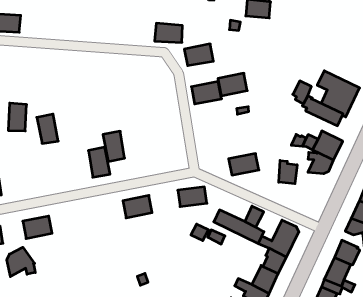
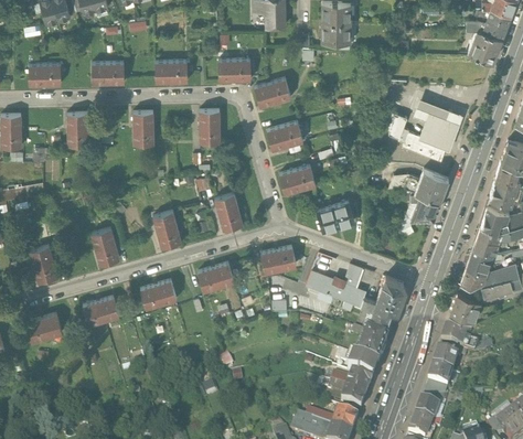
building: none -> [90,63,122,83]
building: none -> [153,61,185,82]
building: none -> [131,111,152,143]
building: none -> [199,110,220,142]
building: [218,73,247,96] -> [279,164,314,193]
building: [8,103,27,131] -> [66,114,87,146]
building: [37,114,58,143] -> [90,227,118,263]
building: [103,131,125,161] -> [214,192,242,228]
building: [279,160,297,184] -> none
building: none -> [140,279,175,307]
building: [7,247,35,277] -> none

